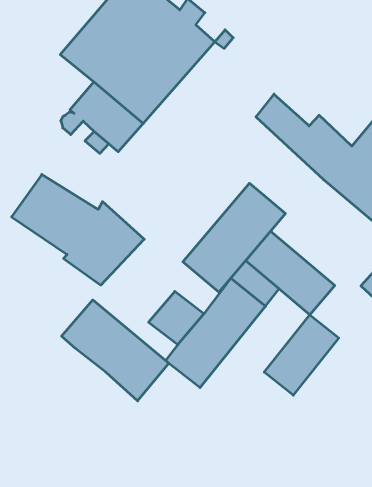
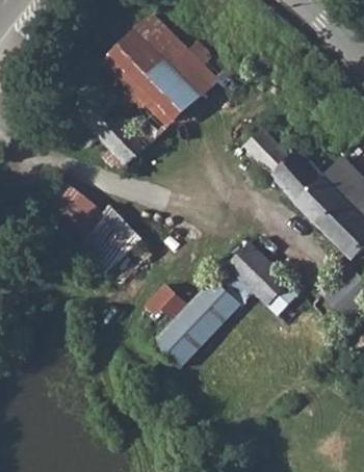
building: [183,183,285,292] -> none
building: [62,300,169,401] -> none
building: [264,315,339,395] -> none

